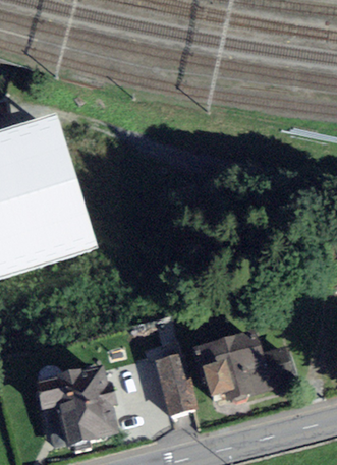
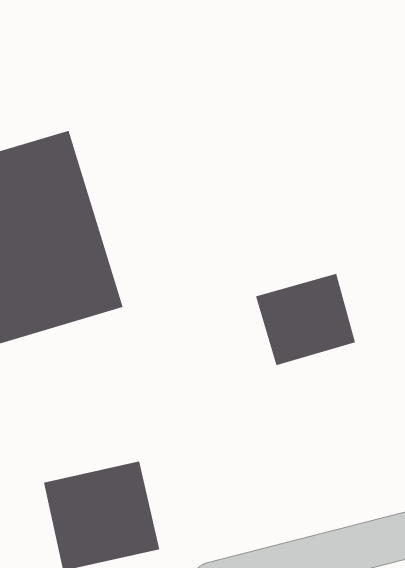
building: [195,330,271,399] -> [255,273,356,366]
building: [156,351,198,414] -> none

